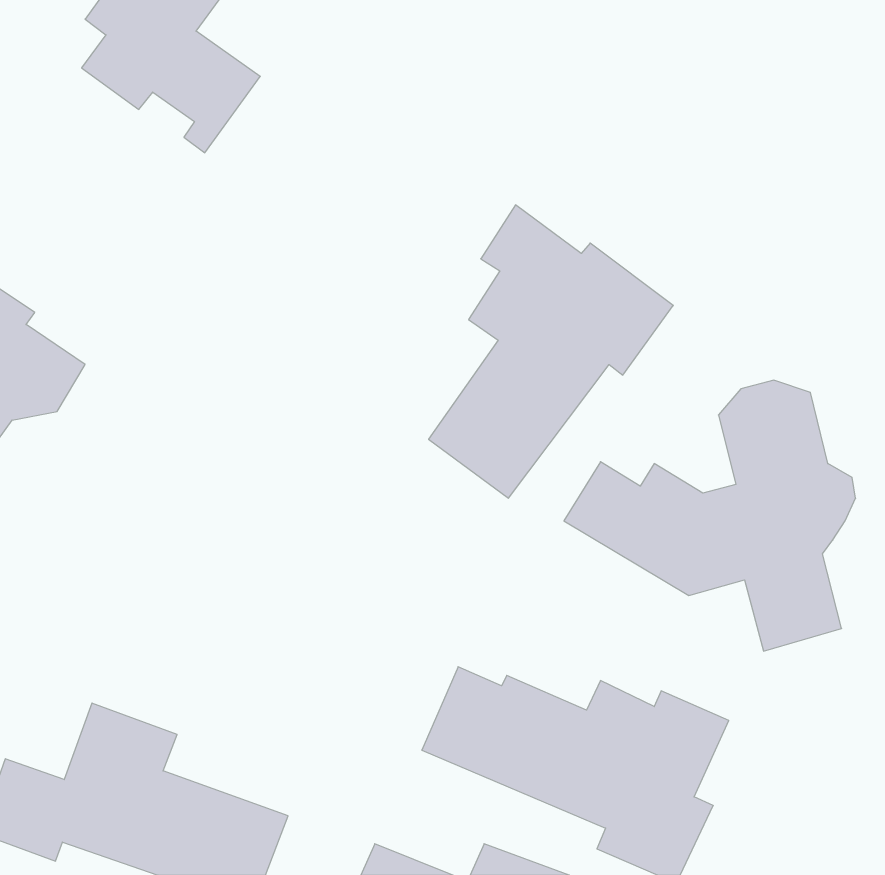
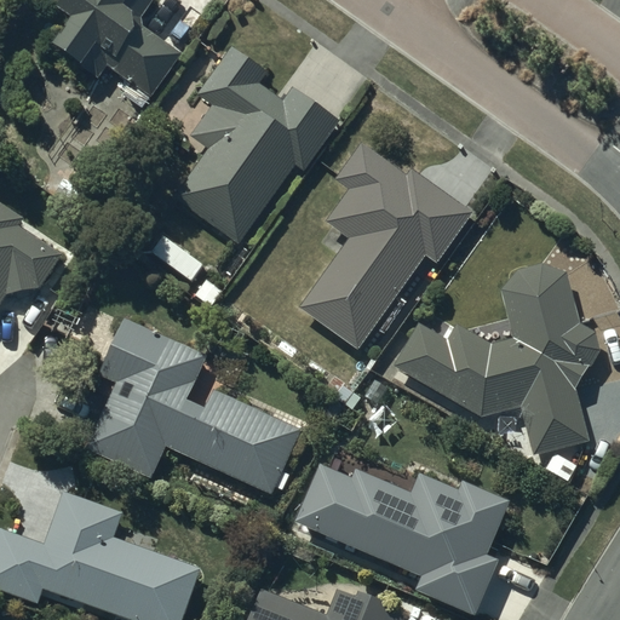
building: none -> [174,58,338,242]
building: none -> [87,320,298,493]

